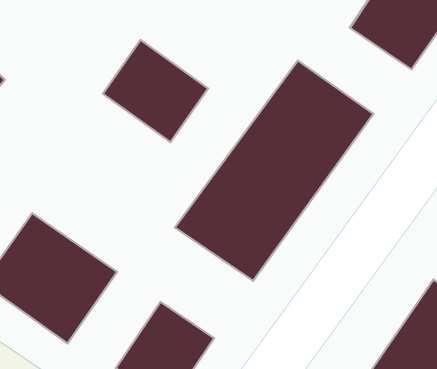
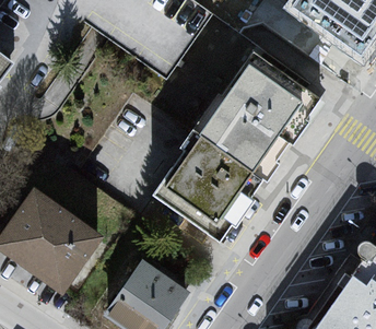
building: [103,40,208,142] -> none

